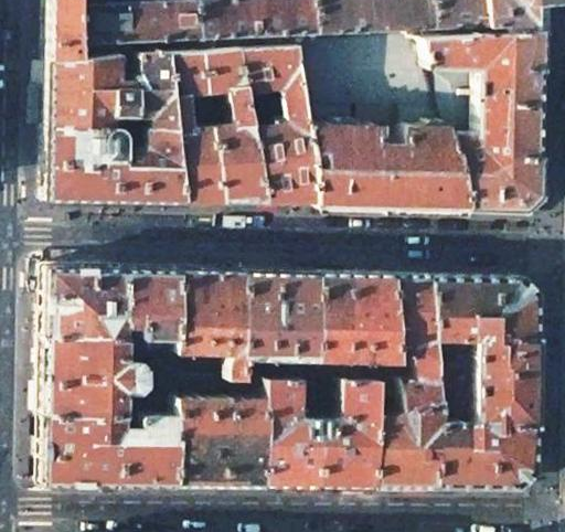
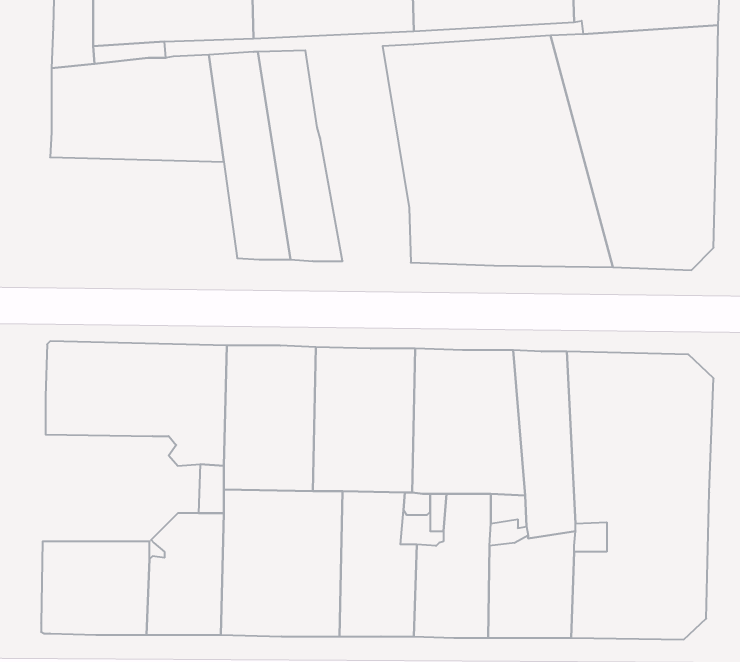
building: [241,46,319,208] -> none
building: [50,129,190,204] -> none
building: [45,336,147,415] -> none

